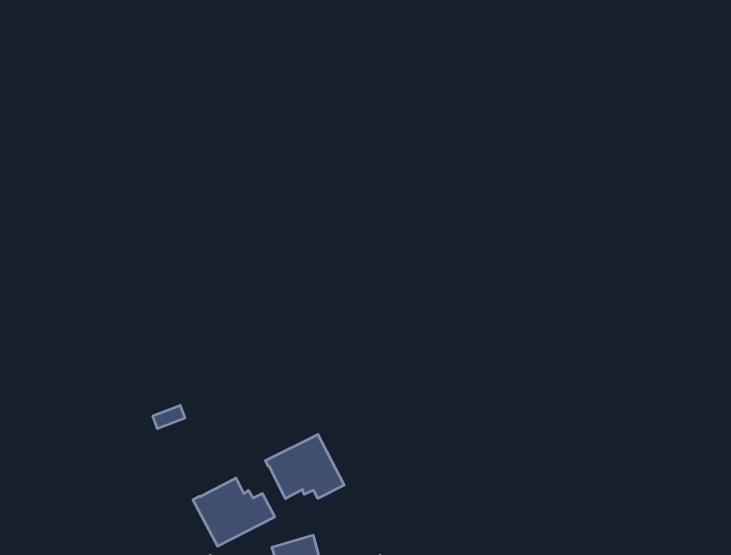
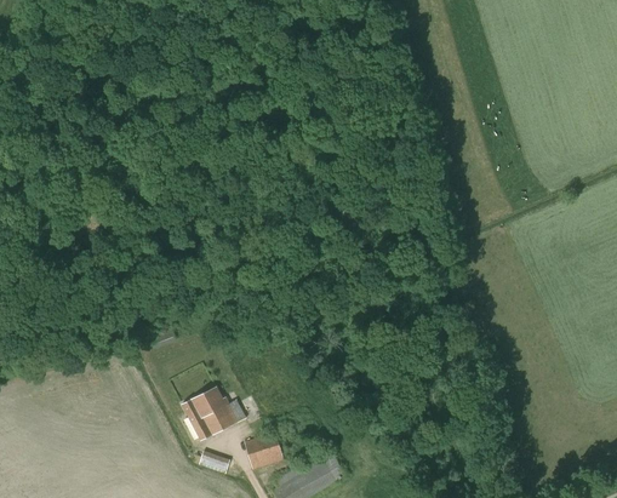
building: [265,434,344,499] -> none

